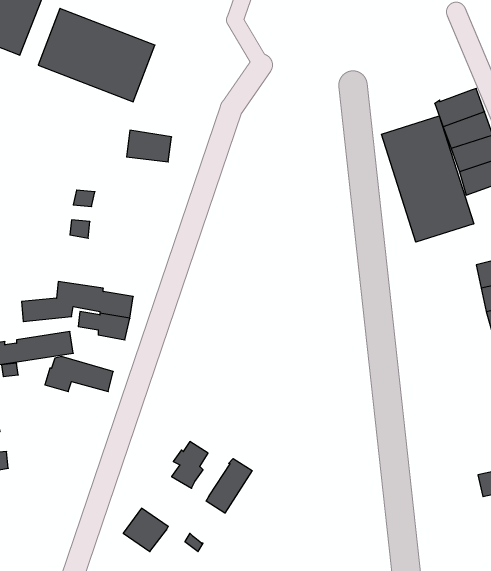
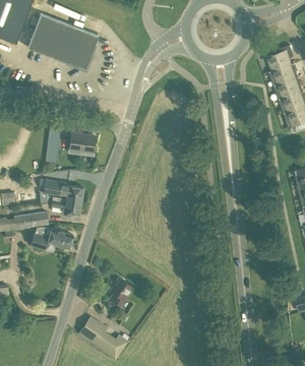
building: none -> [265,45,292,71]
building: [381,116,474,242] -> none
building: [127,130,172,162] -> [67,133,95,152]
building: [206,459,252,513] -> none

